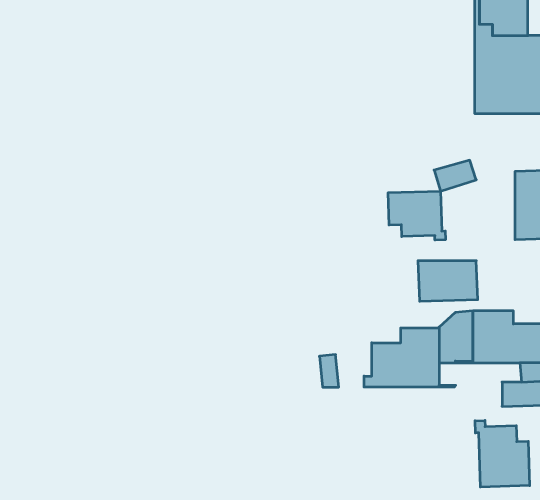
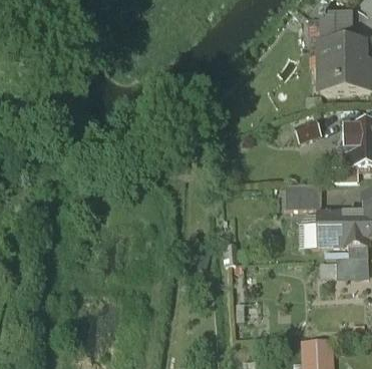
building: [388,191,445,240] -> none
building: [364,328,456,387] -> none
building: [475,420,530,487] -> none

